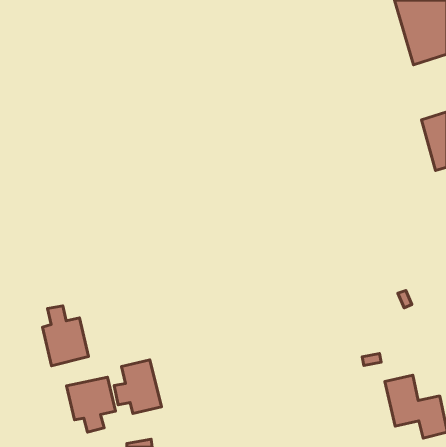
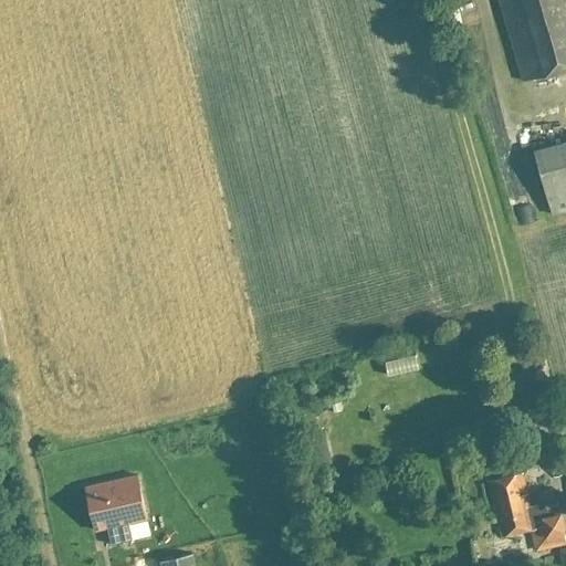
building: [42,306,89,366] -> none
building: [114,360,161,413] -> none

